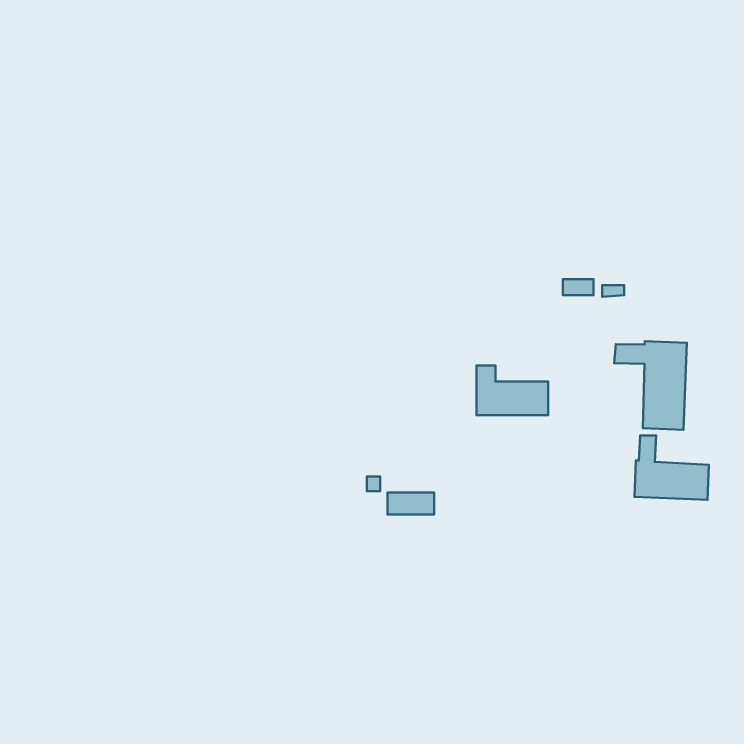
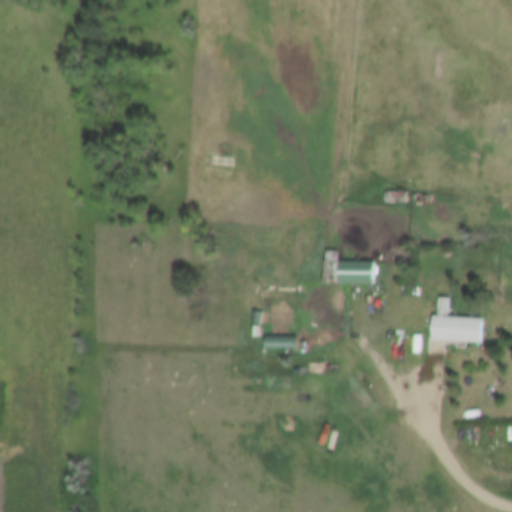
building: [614,341,687,430] -> none

